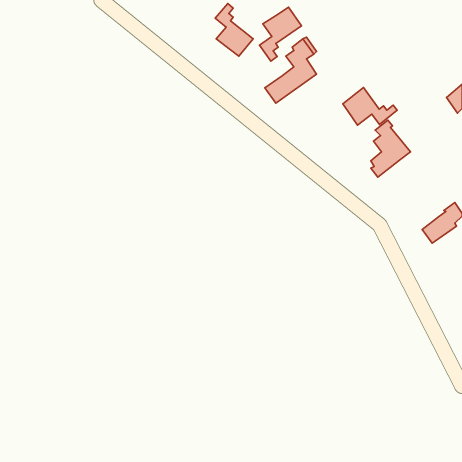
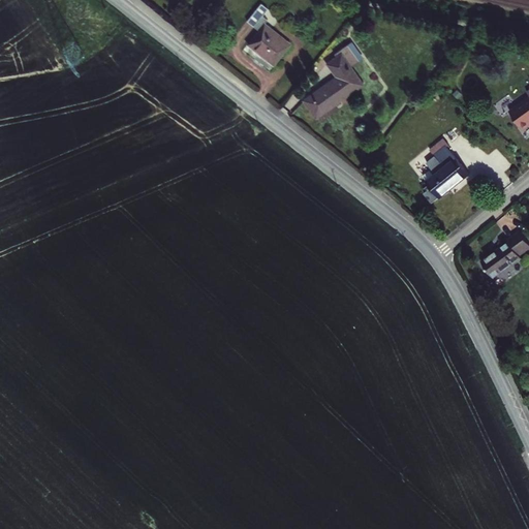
building: [259,7,302,61] -> none
building: [343,88,397,125] -> none

